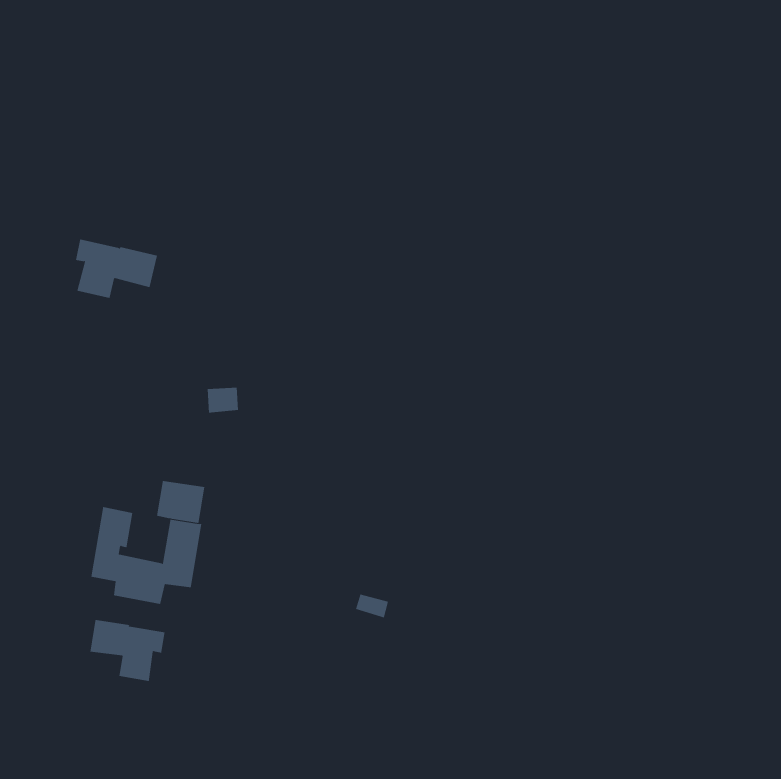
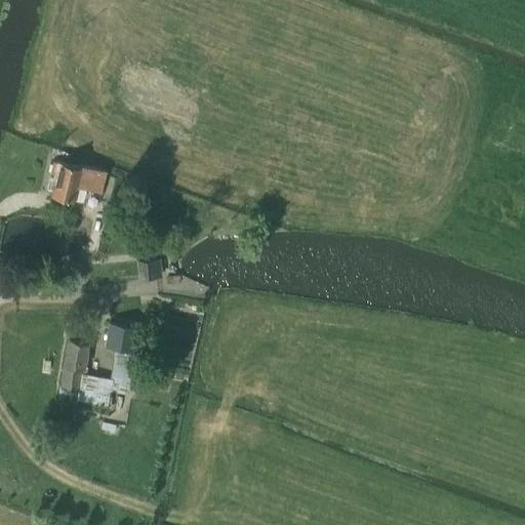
building: [90,619,165,682] -> none

